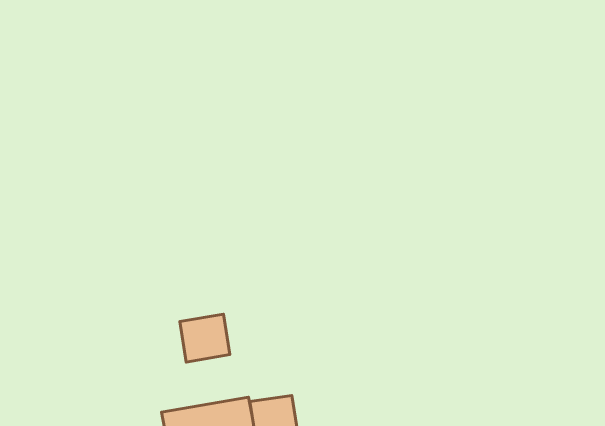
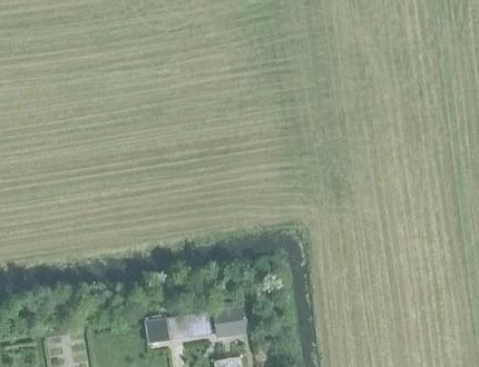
building: [180,314,230,362] -> none

